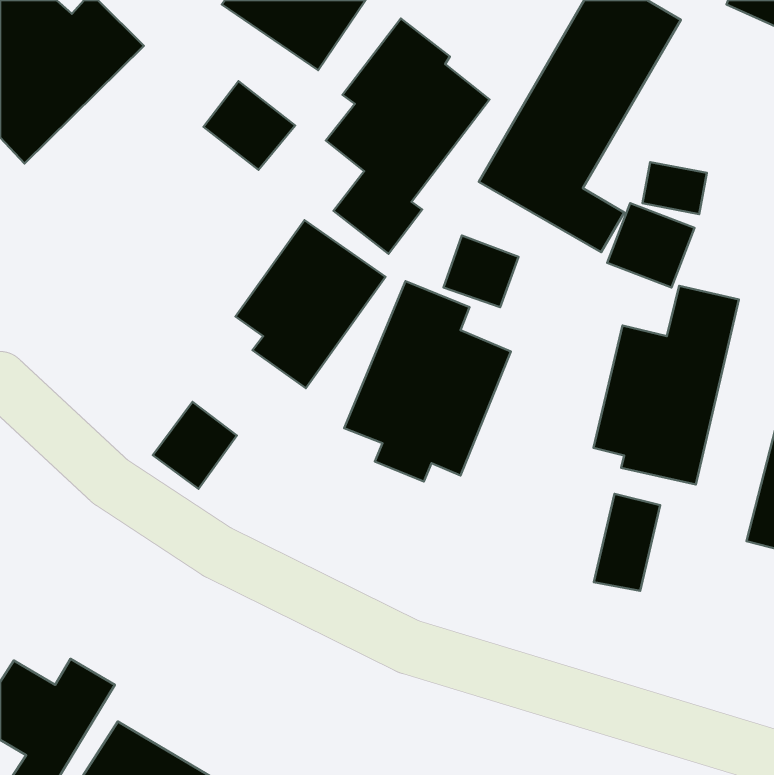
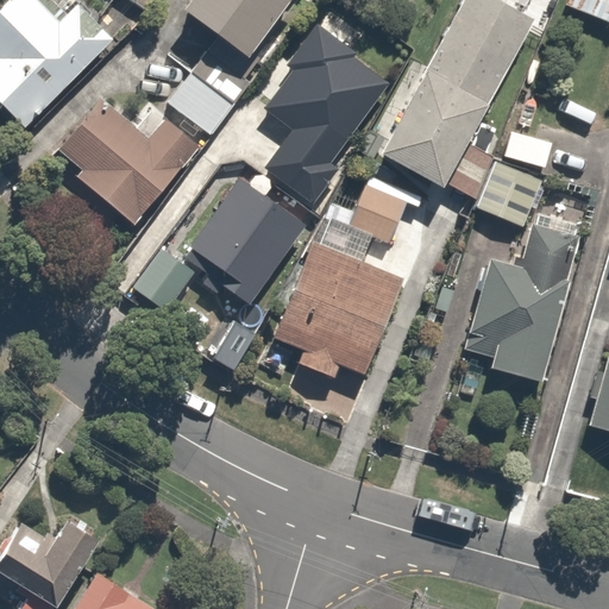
building: none -> [57,95,197,221]
building: [153,402,237,489] -> [131,246,196,314]
building: [594,494,660,591] -> none

